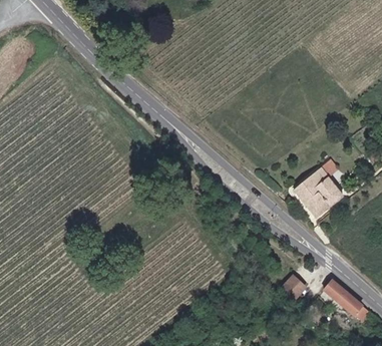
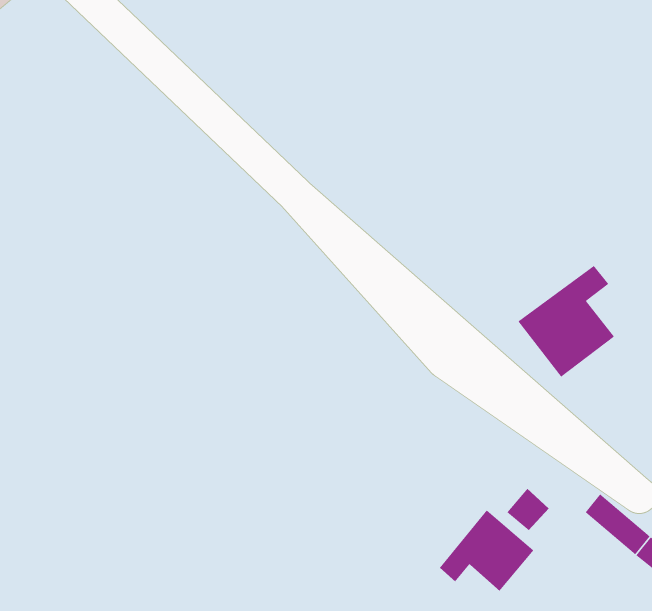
building: none -> [439,510,534,591]

